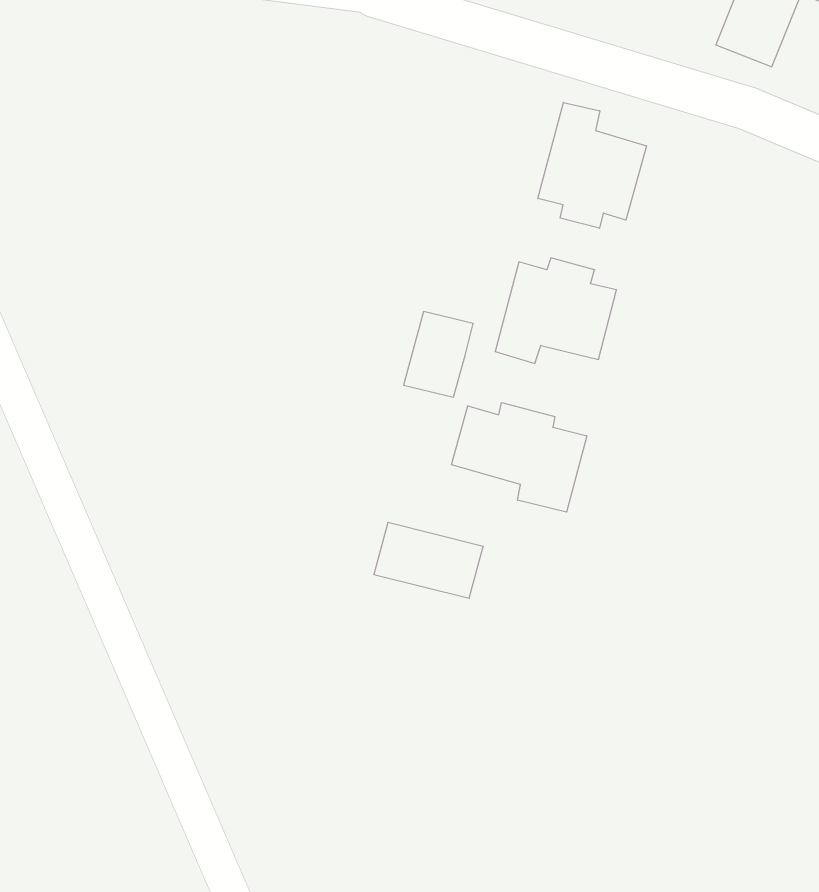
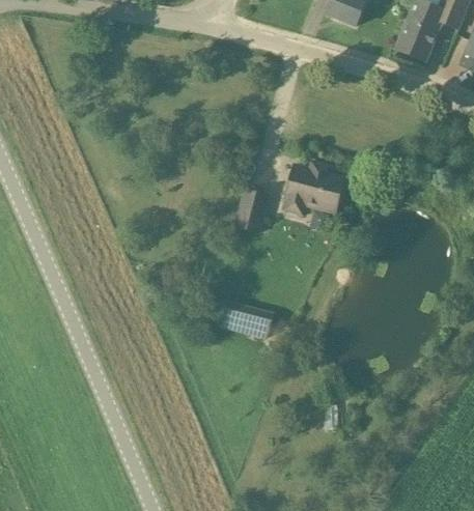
building: [538,102,646,228] -> none
building: [451,403,587,512] -> none

